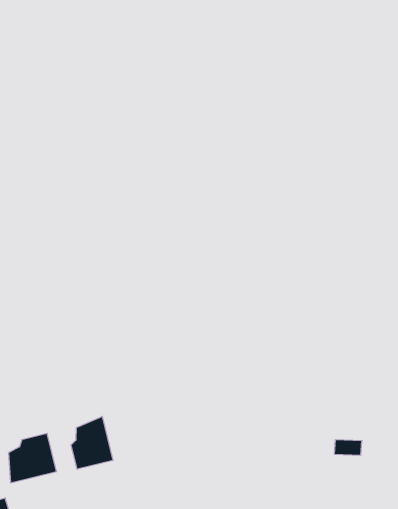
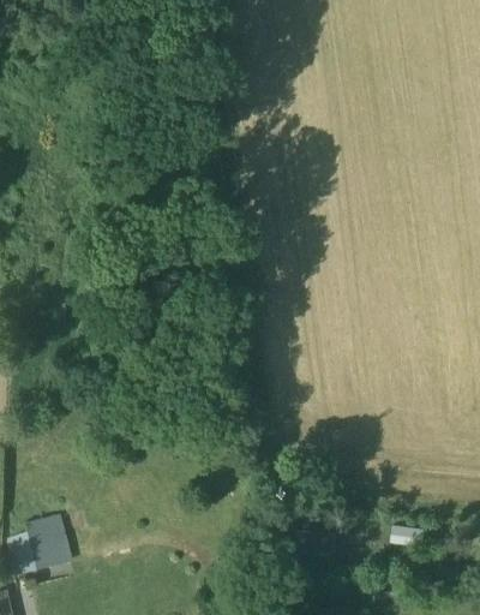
building: [71,416,113,469] -> none

